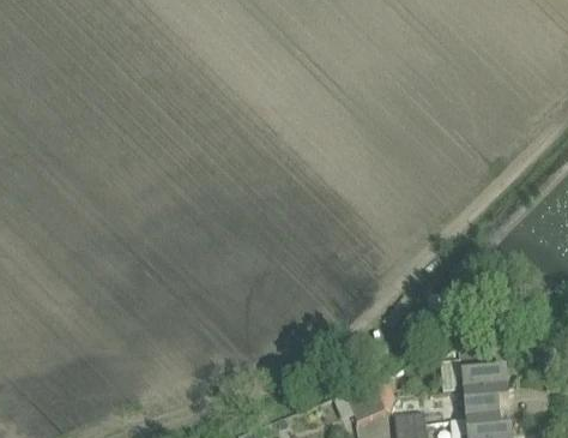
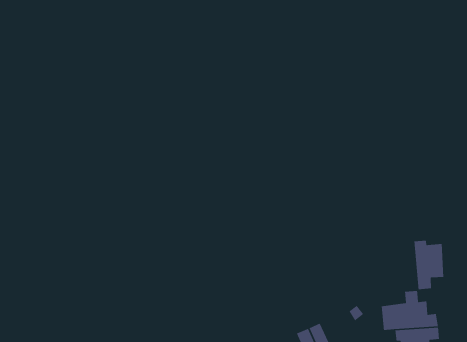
building: none -> [413,240,444,290]

